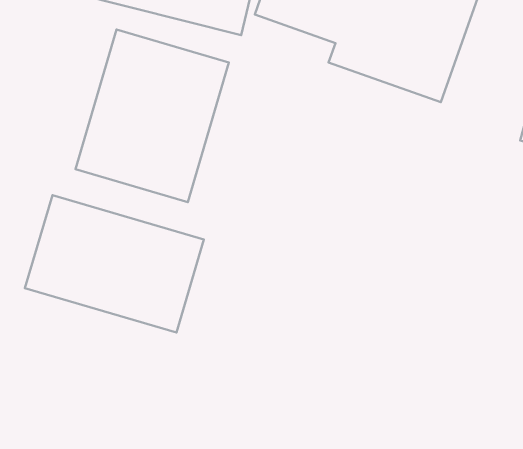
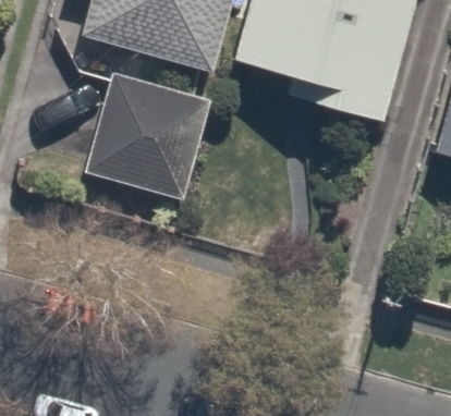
building: [25,195,204,333] -> none

